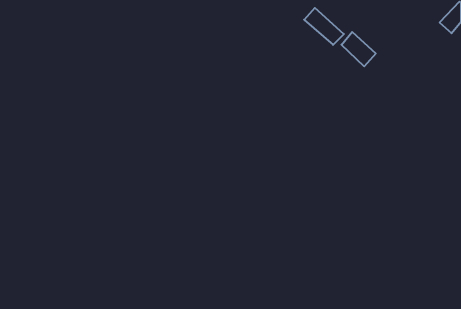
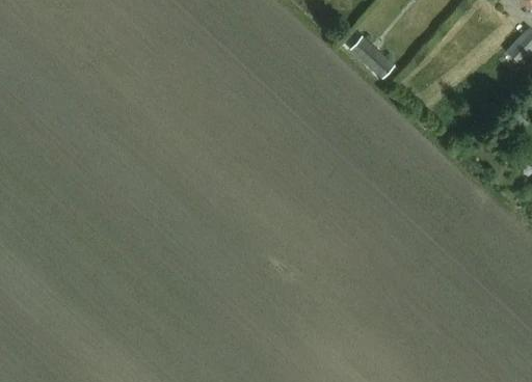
building: [341,32,376,66] -> none

